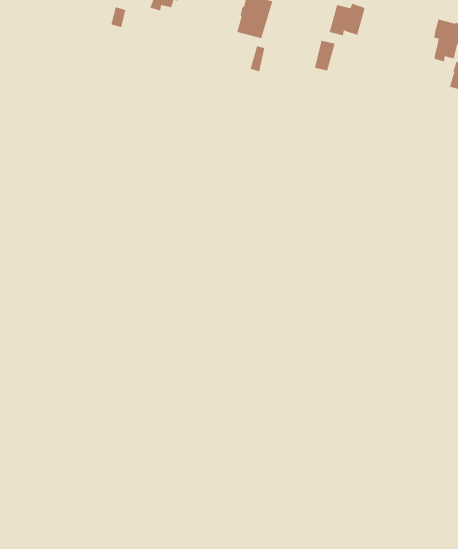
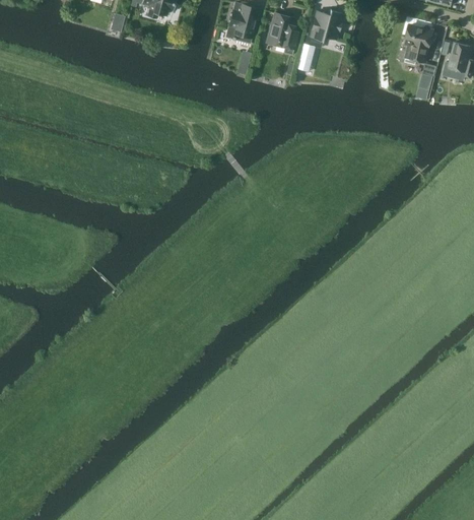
building: none -> [266,13,299,55]

